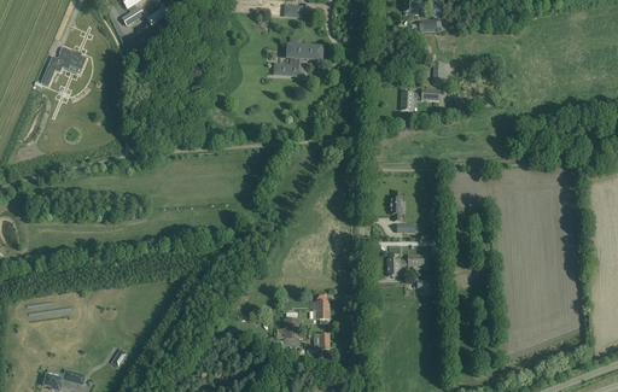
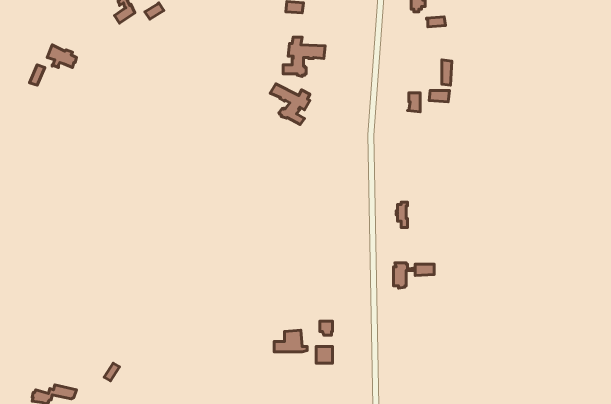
building: none -> [270,84,310,125]

